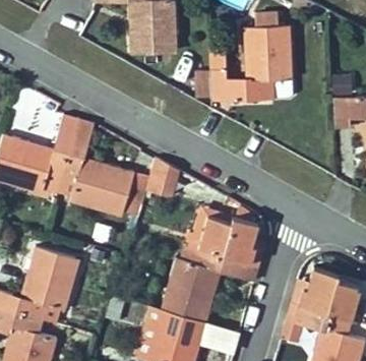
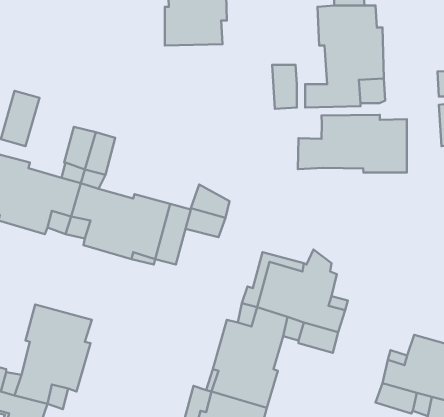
building: none -> [298,115,407,172]

